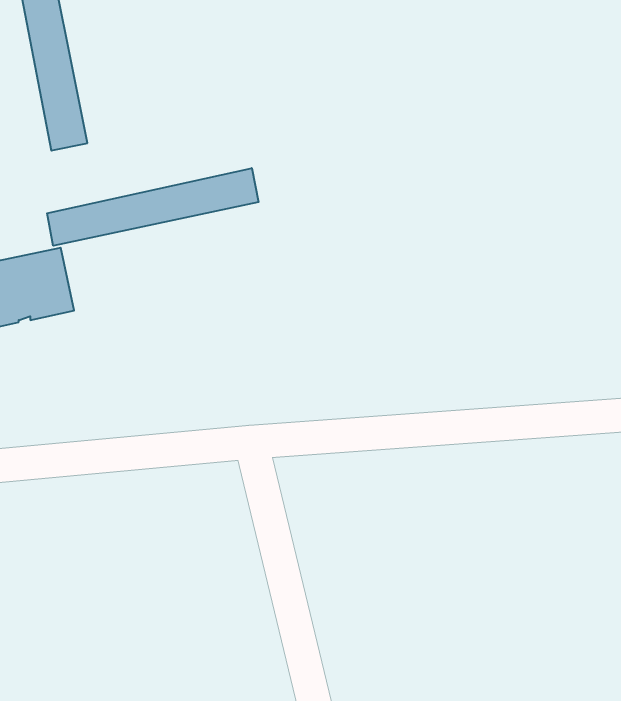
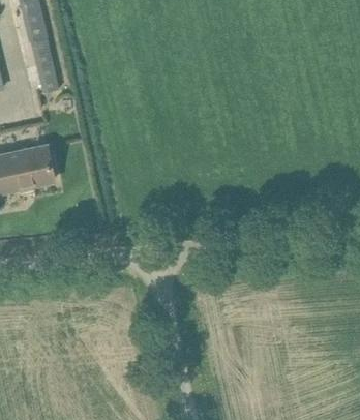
building: [47,168,259,246] -> none

